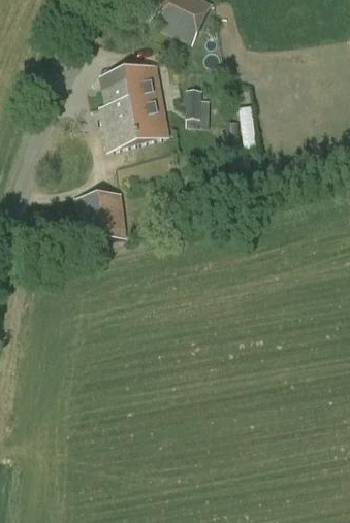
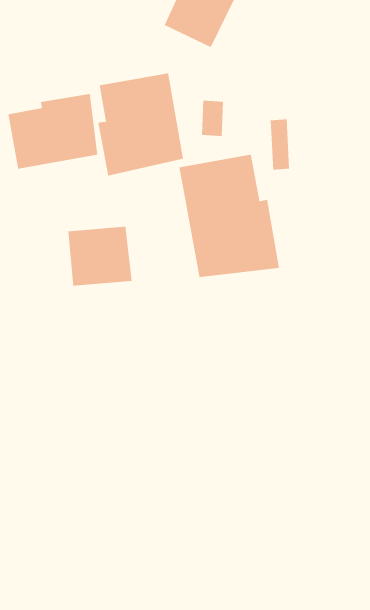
building: none -> [8,93,98,170]
building: none -> [179,154,279,278]

